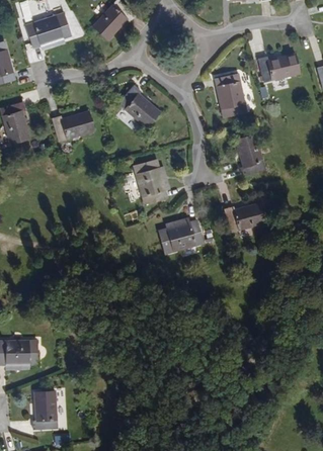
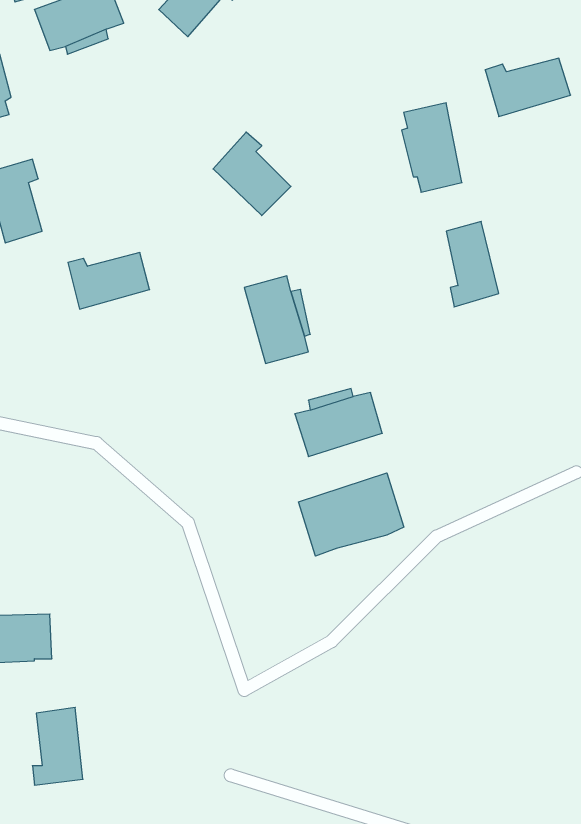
building: [54,114,96,144] -> [68,253,150,309]
building: [227,202,270,234] -> none
building: none -> [299,473,404,556]

